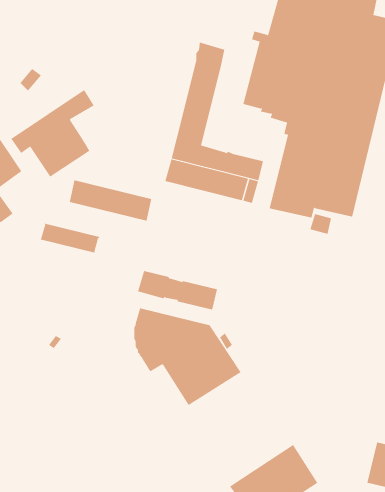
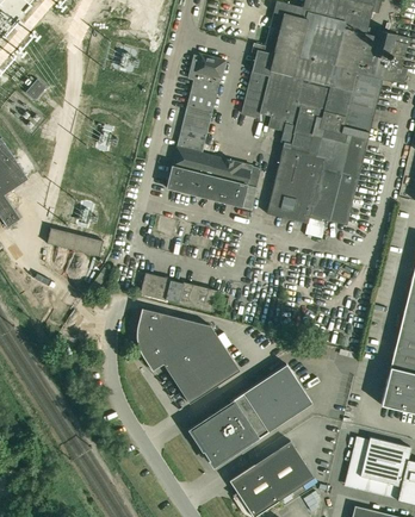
building: [11,89,94,177] -> none
building: [69,179,152,222] -> none
building: none -> [188,363,311,465]

